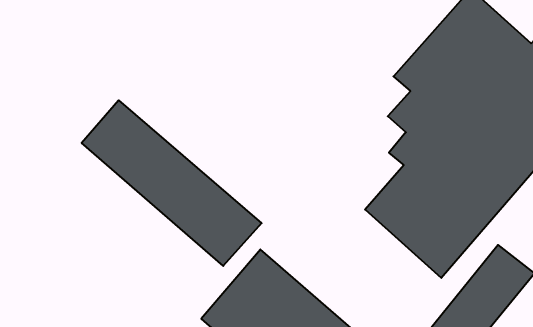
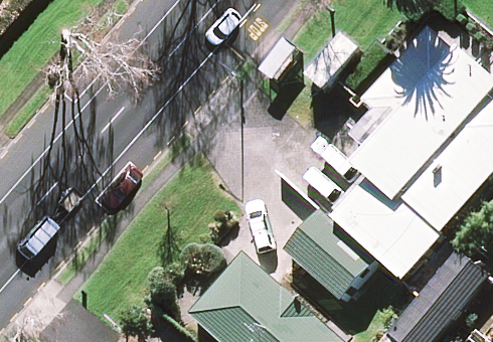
building: [82,100,262,266] -> none
building: none -> [284,212,370,297]

